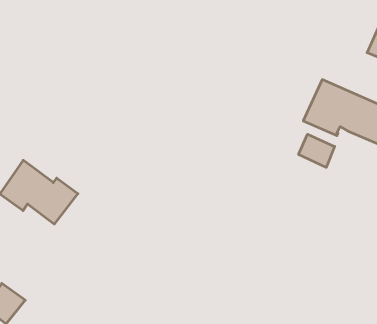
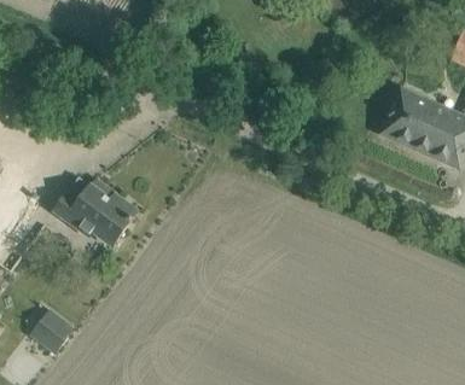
building: [299,134,335,167] -> none

